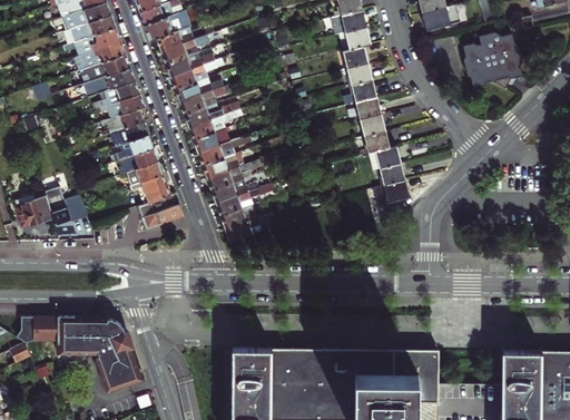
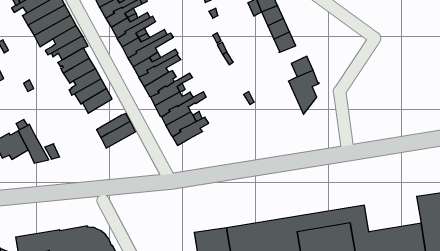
building: [368,145,401,169] -> none
building: [131,173,170,204] -> none

